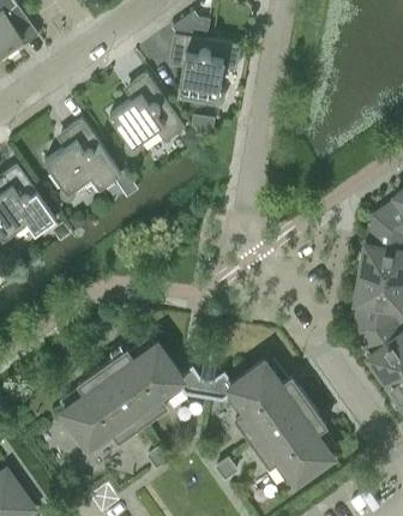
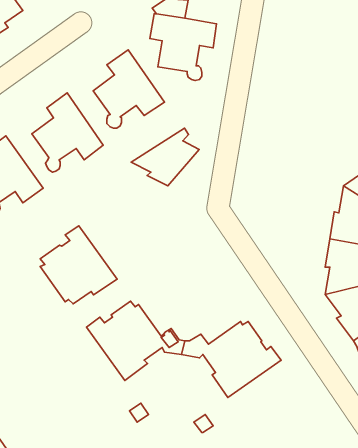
building: none -> [131,128,199,186]
building: [61,367,143,450] -> [40,226,117,304]
building: [252,402,336,482] -> none

